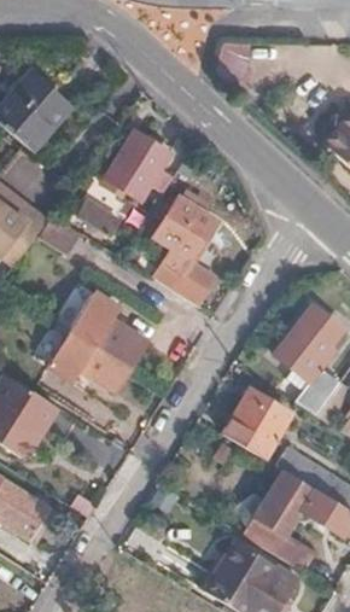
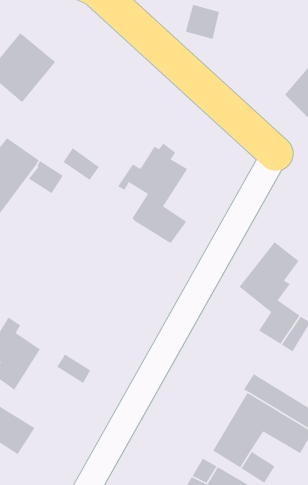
building: [103,130,173,202] -> none
building: [46,291,146,391] -> none
building: [222,395,292,459] -> none

